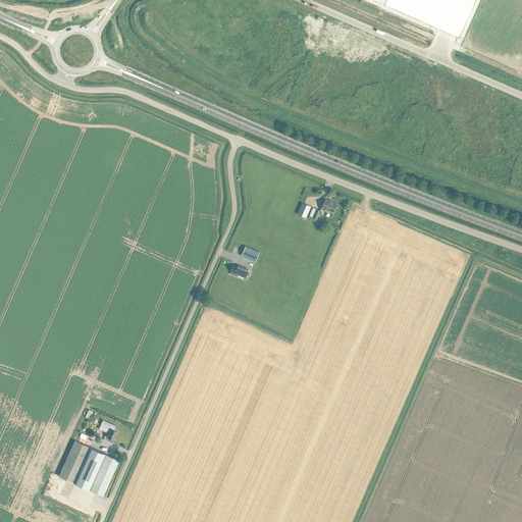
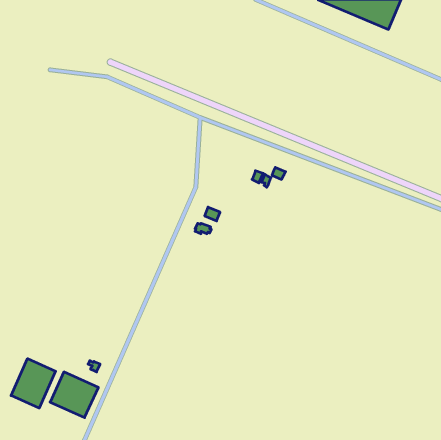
building: none -> [11,359,56,408]

